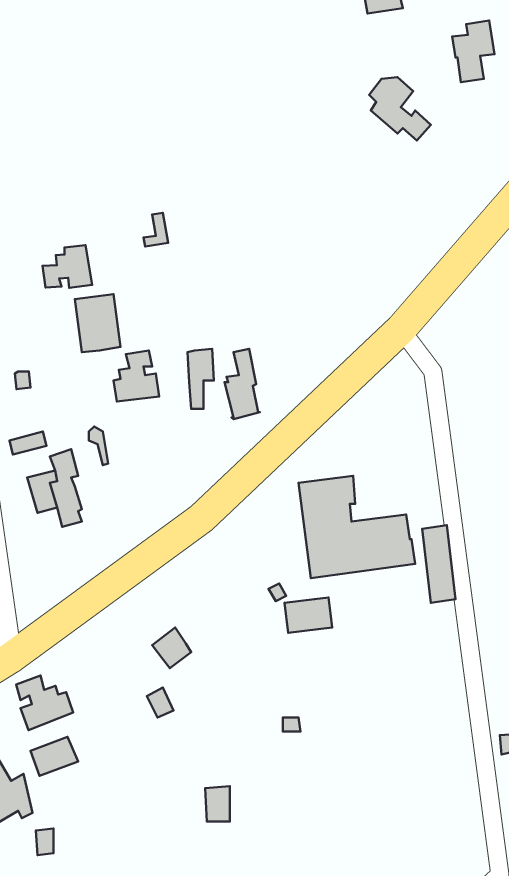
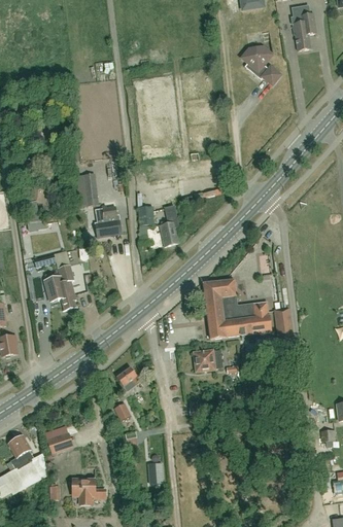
building: [43,245,92,288] -> none
building: [16,676,73,730] -> none
building: none -> [72,479,104,505]

